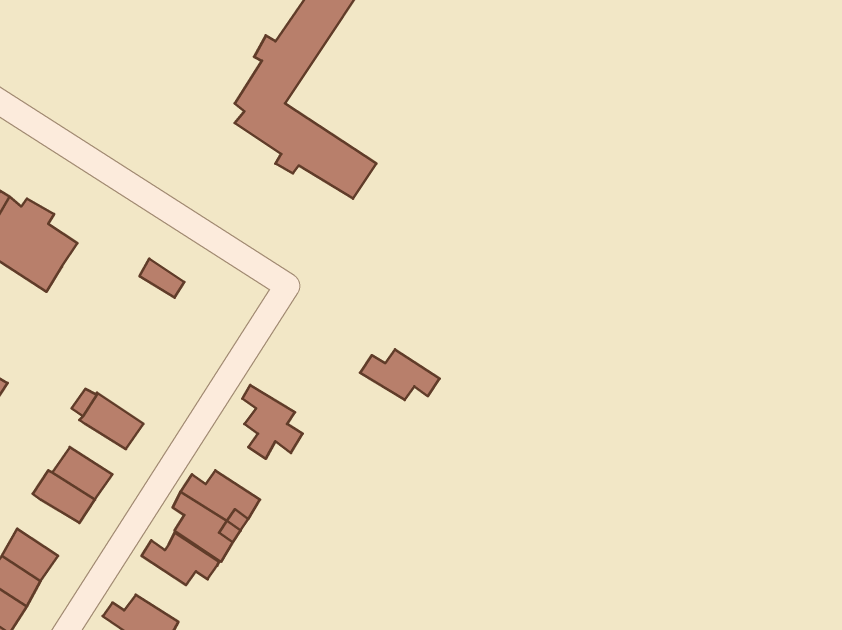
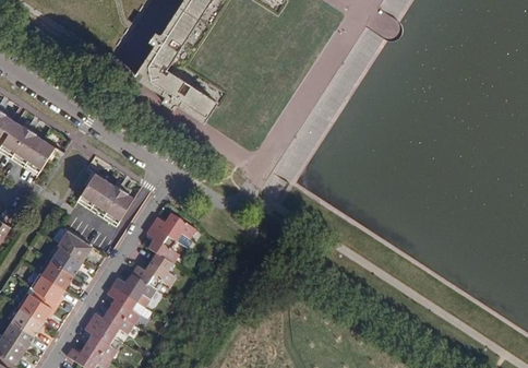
building: none -> [74,171,131,225]
building: [360,349,440,400] -> [149,212,194,240]
building: none -> [48,247,80,275]
building: none -> [130,257,175,289]
building: none -> [15,289,53,321]
building: none -> [83,321,116,358]

